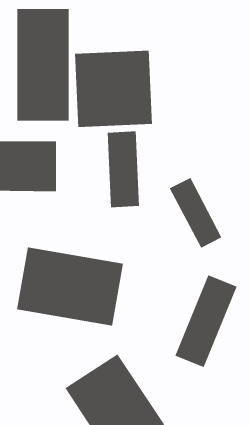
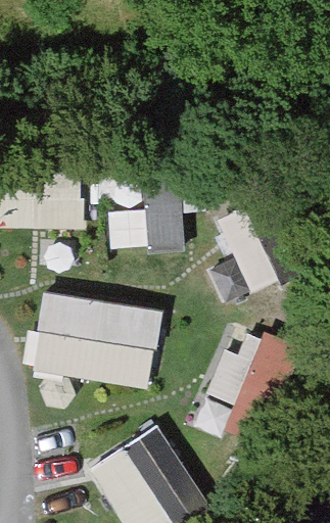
building: [17,8,69,122] -> none
building: [75,50,153,128] -> none

